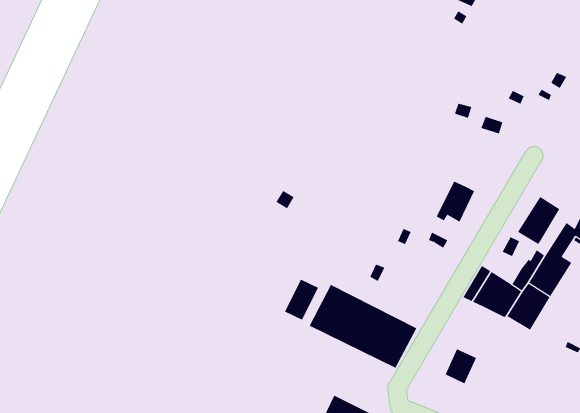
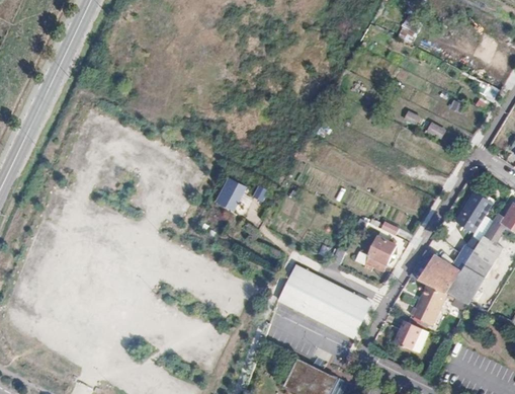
building: [436,181,475,223] -> [361,236,395,271]
building: none -> [216,179,241,206]
building: [284,279,319,321] -> none
building: none -> [409,285,445,324]

